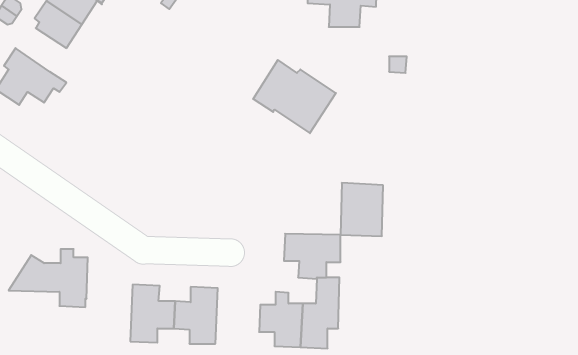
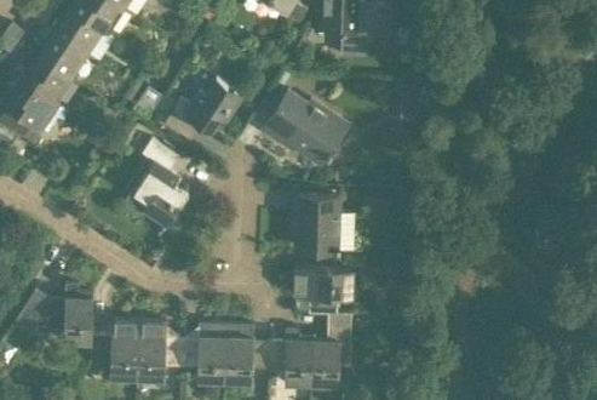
building: none -> [19,58,71,103]
building: none -> [165,79,245,142]
building: none -> [124,139,188,228]
building: [341,183,383,236] -> [295,195,339,250]
building: none -> [90,320,139,379]
building: none -> [224,325,270,383]

